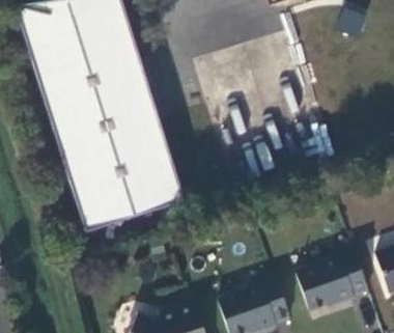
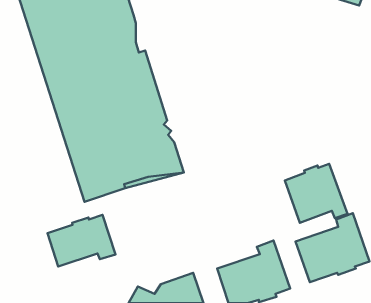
building: none -> [285,164,348,223]
building: none -> [47,215,115,267]

